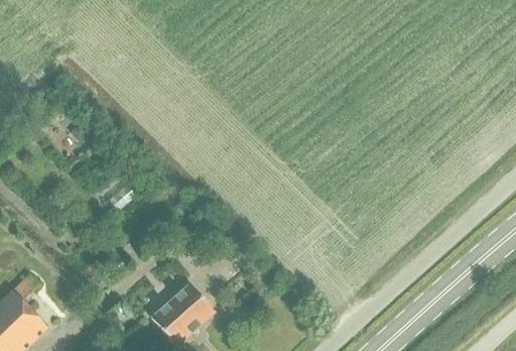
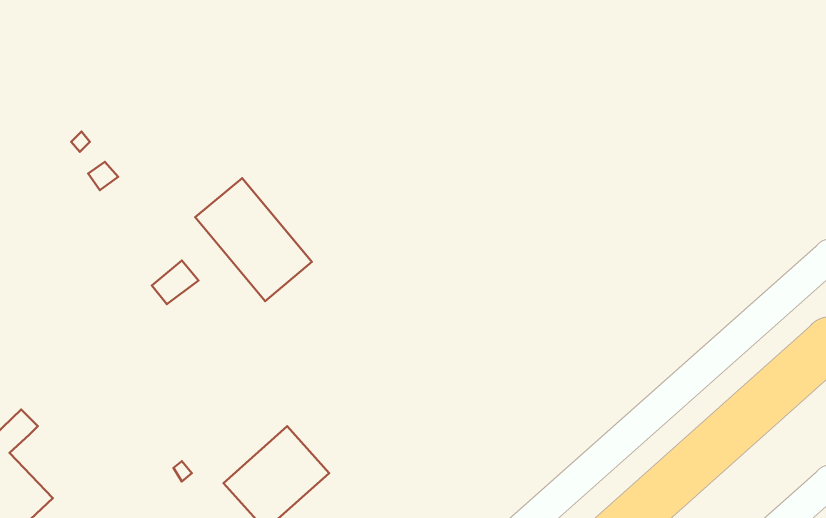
building: none -> [195,178,312,301]

